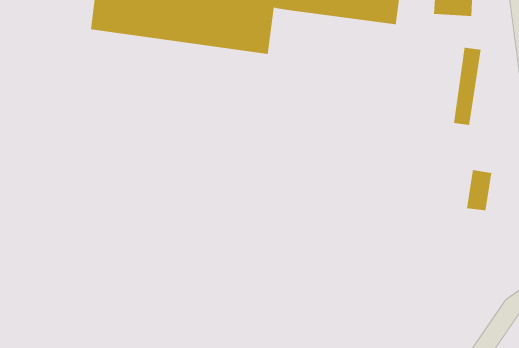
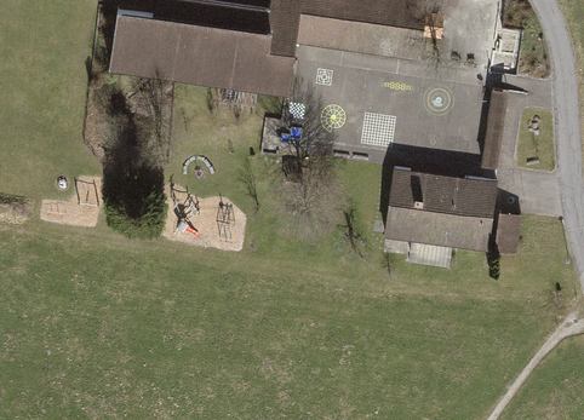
building: none -> [385,167,498,267]

